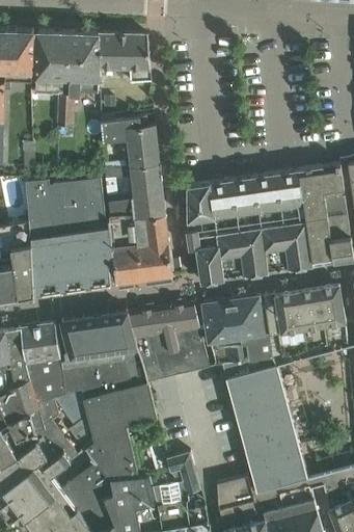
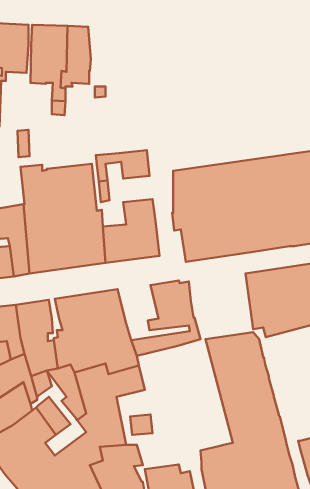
building: [97,33,151,83] -> none
building: [101,117,159,167] -> none
building: [132,191,165,219] -> none
building: [203,295,272,365] -> none
building: [128,308,205,366] -> none
building: [166,451,200,494] -> none

